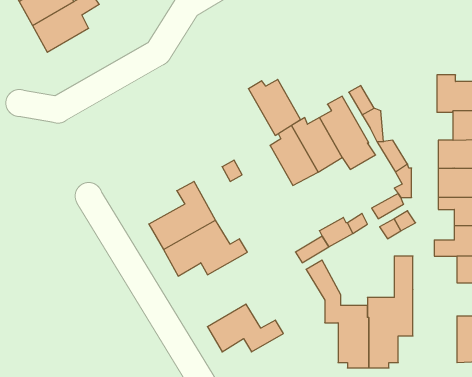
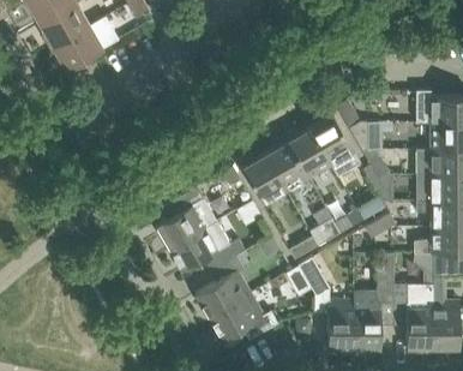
building: [248,79,300,135] -> [239,154,285,204]
building: none -> [196,250,247,317]
building: none -> [393,283,433,349]

